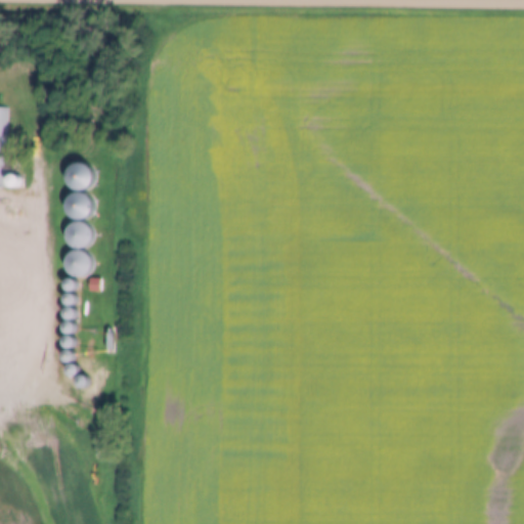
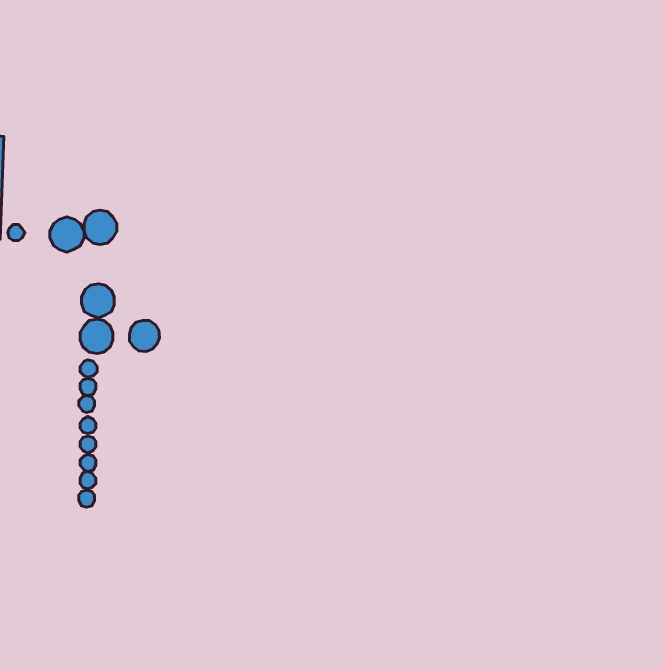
building: [64,192,91,220] -> [50,217,84,252]
building: none -> [130,320,160,352]

